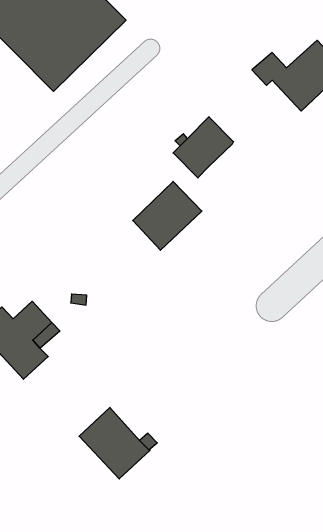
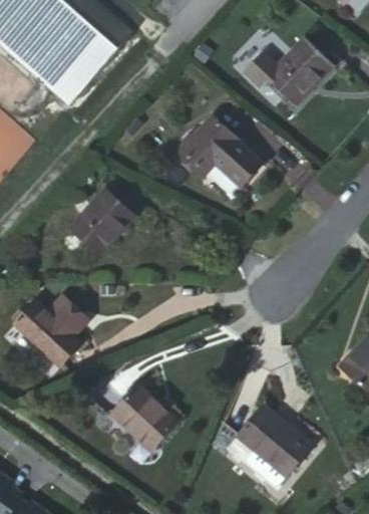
building: none -> [215,139,261,184]
building: [133,181,202,250] -> [71,189,133,252]
building: none -> [240,406,311,483]

